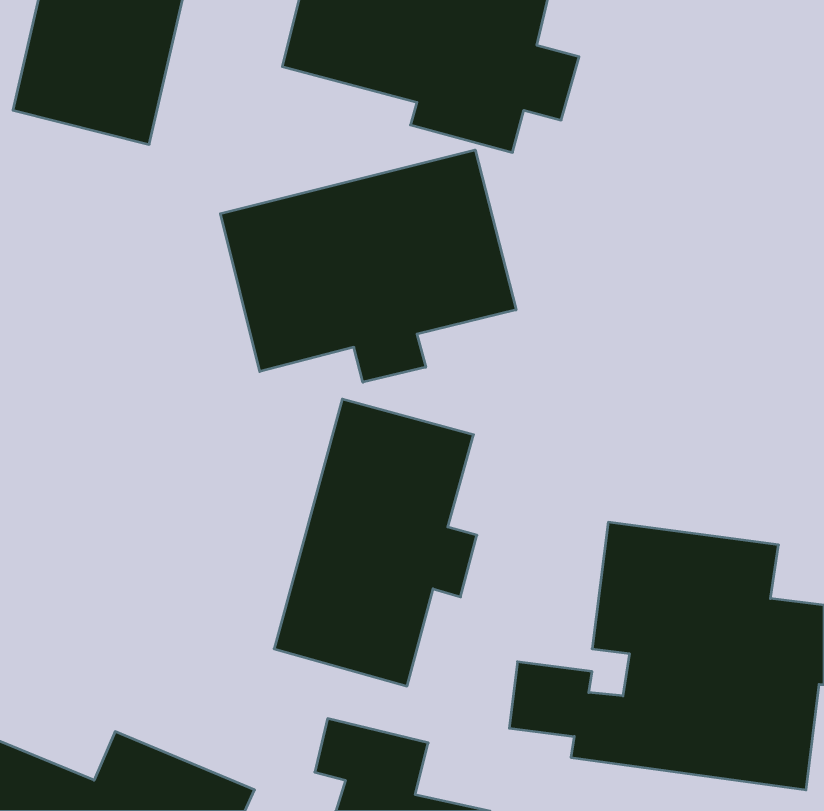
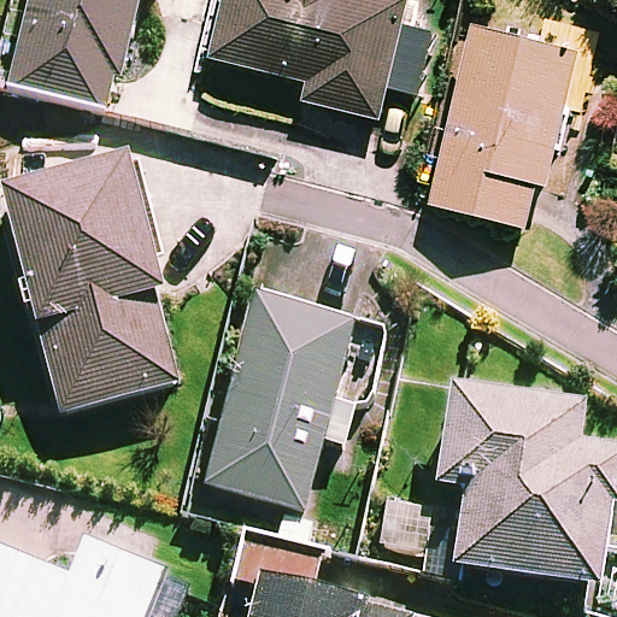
building: none -> [428,19,581,222]
building: [220,150,516,382] -> none
building: none -> [5,163,176,411]

